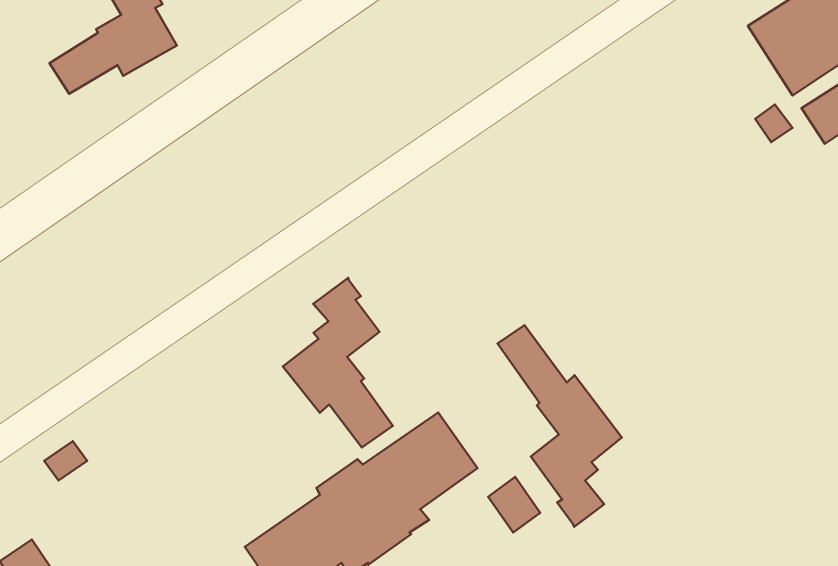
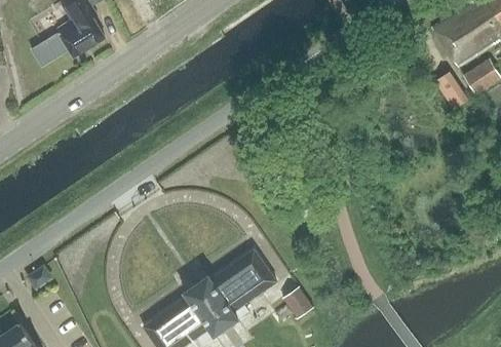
building: [283,278,393,447] -> none
building: [498,325,622,527] -> none

